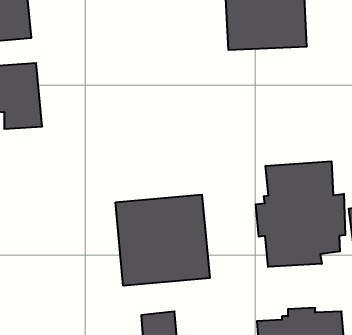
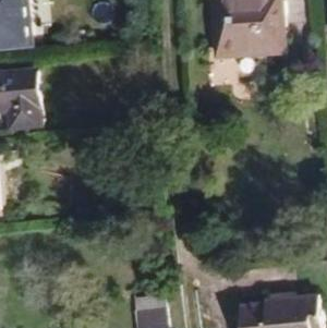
building: [256,161,345,267] -> none
building: [116,195,210,286] -> none

